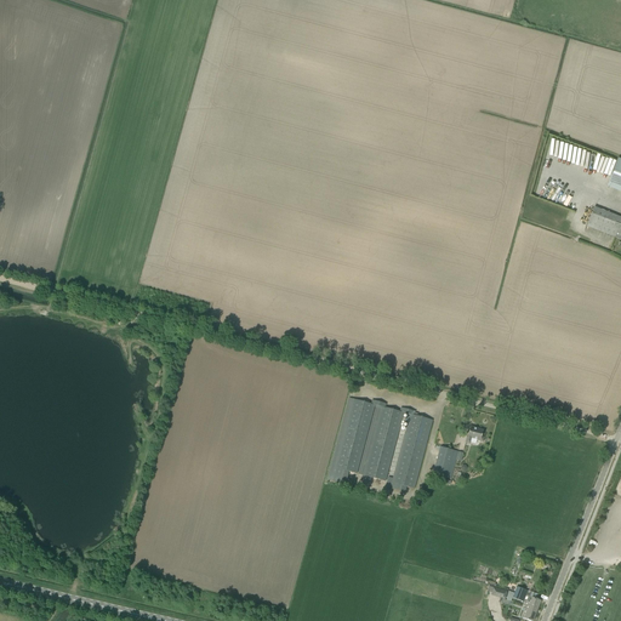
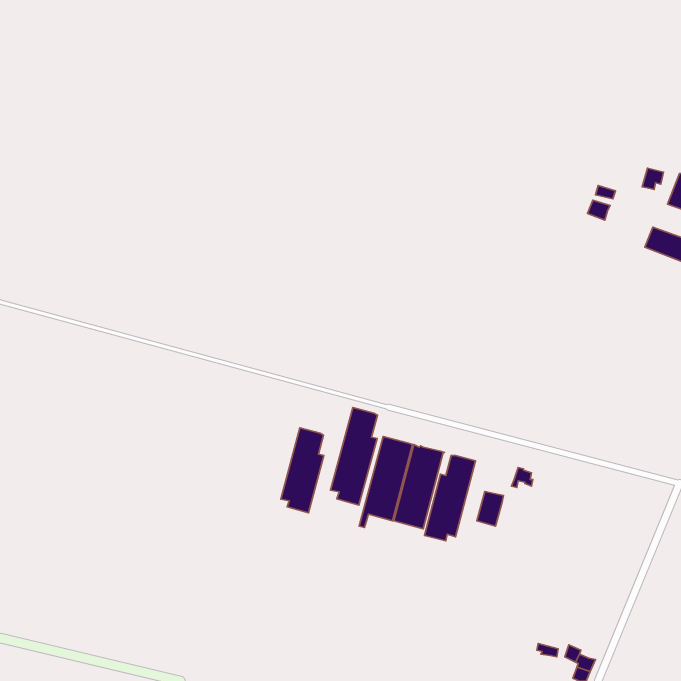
building: none -> [330,408,377,505]
building: none -> [281,428,324,513]

